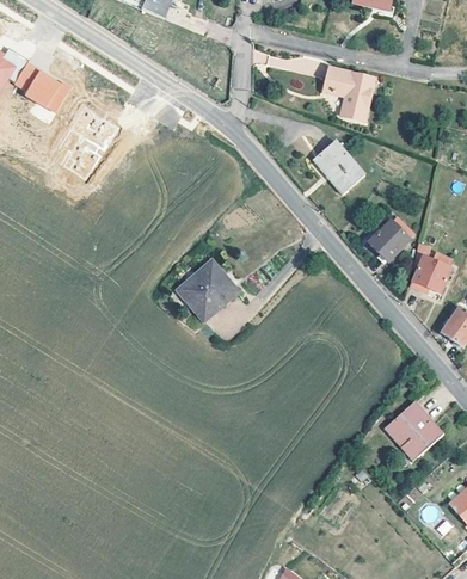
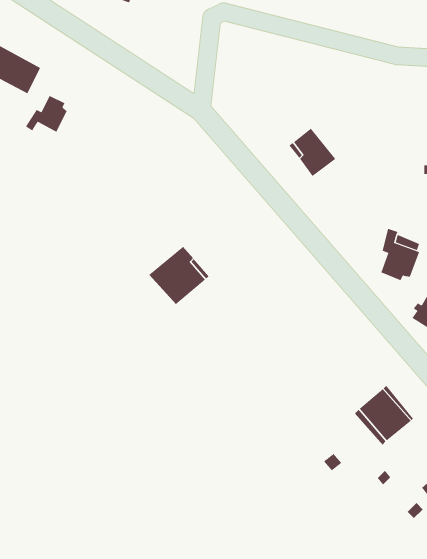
building: [324,69,373,123] -> none
building: none -> [25,95,68,132]
building: [370,220,410,259] -> none

